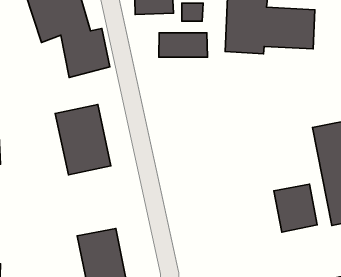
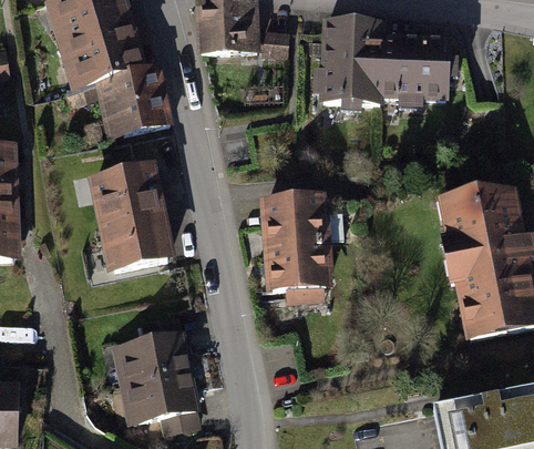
building: [159,33,207,57] -> none
building: none -> [261,201,327,288]
building: [274,184,317,232] -> none

